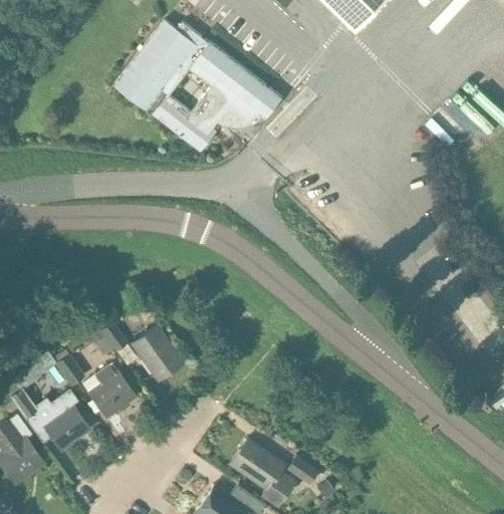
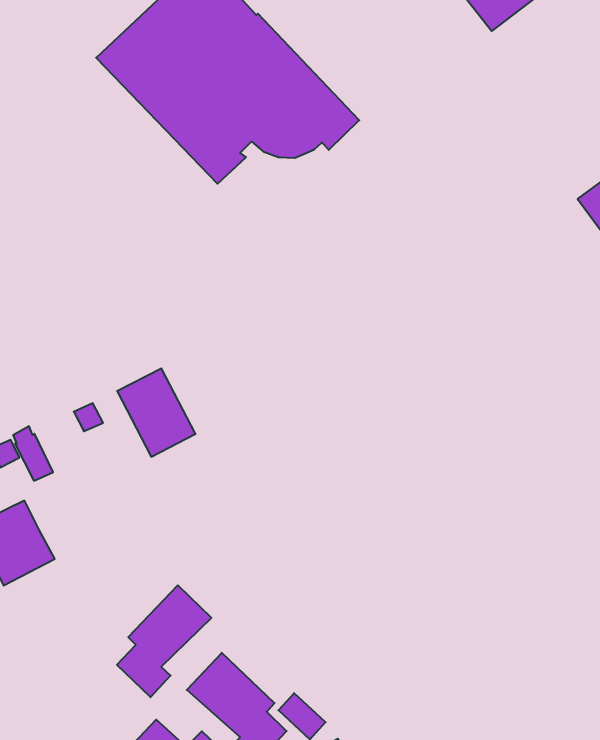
building: [132,325,184,380] -> [117,368,196,457]
building: none -> [117,585,211,697]

